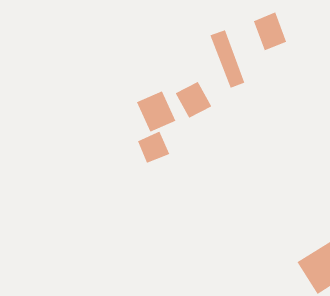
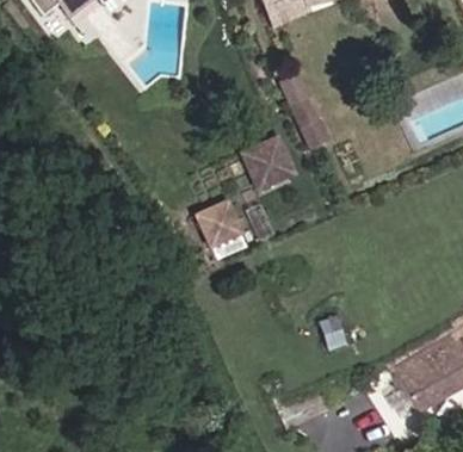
building: [253,12,287,51] -> none
building: [136,91,176,132] -> none

